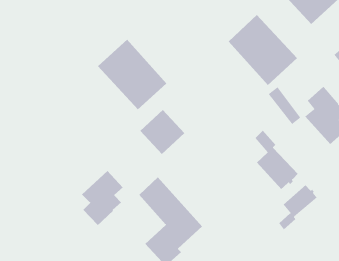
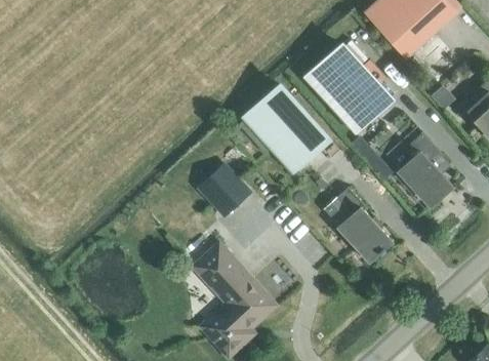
building: [97,39,167,110] -> [242,84,328,172]
building: [81,170,123,227] -> none
building: [278,184,317,230] -> none

